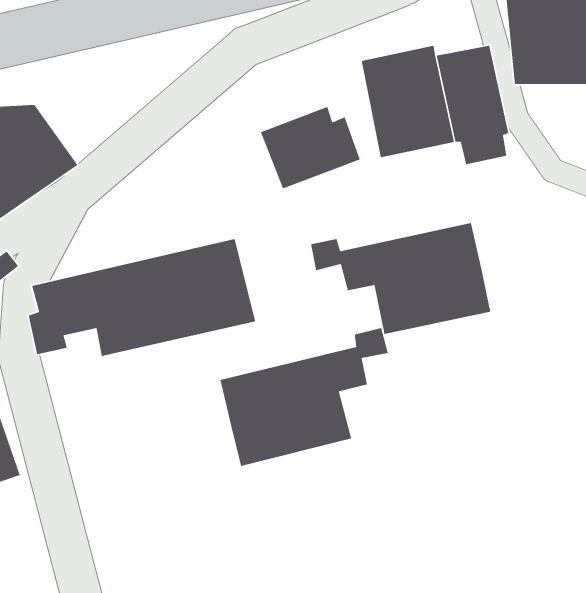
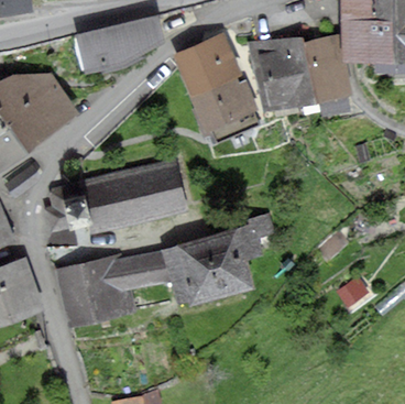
building: none -> [79,19,162,70]
building: none -> [177,36,238,91]
building: [310,222,491,335] -> none
building: none -> [59,248,173,323]

